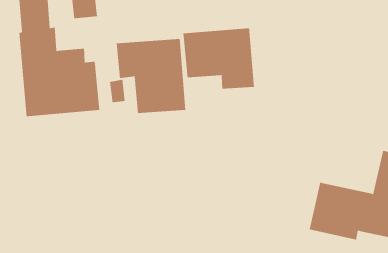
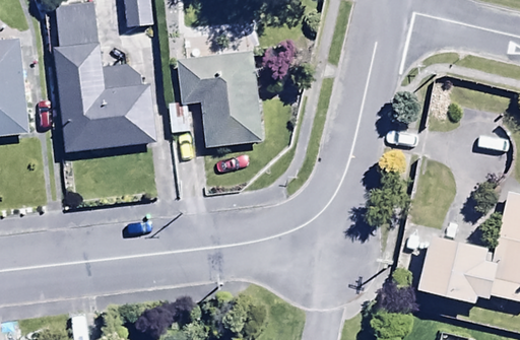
building: [183,28,255,90] -> none

